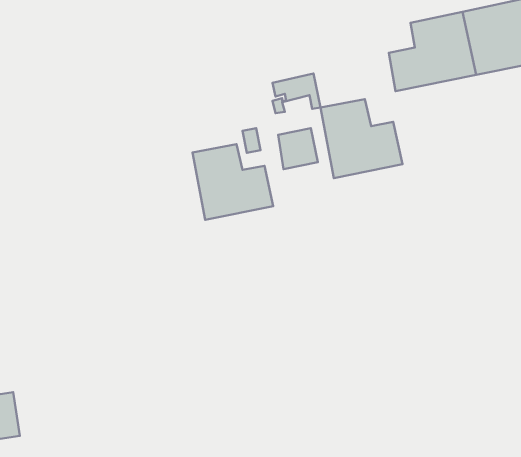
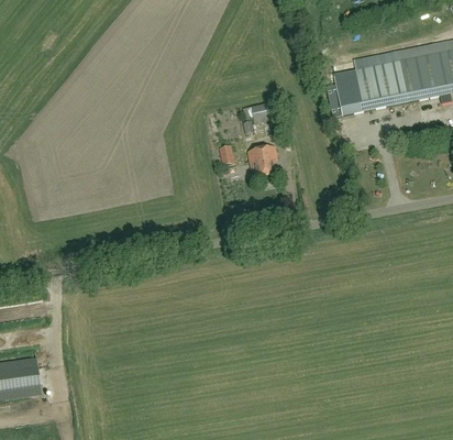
building: [320,99,402,178] -> none
building: [193,144,273,220] -> none

